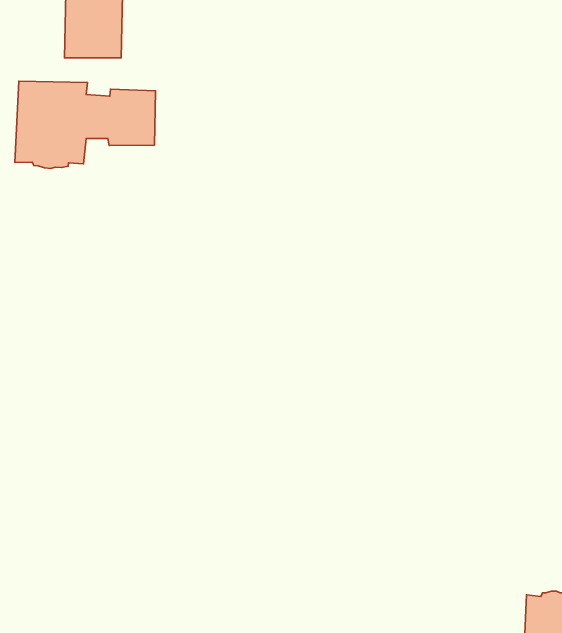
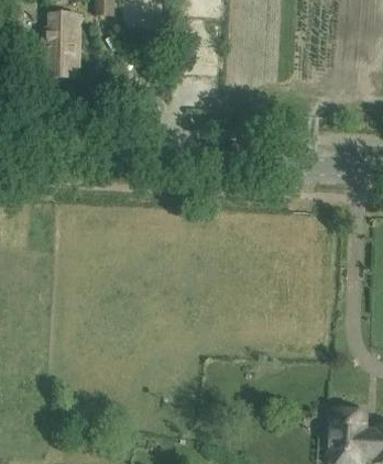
building: [15,81,156,168] -> none

